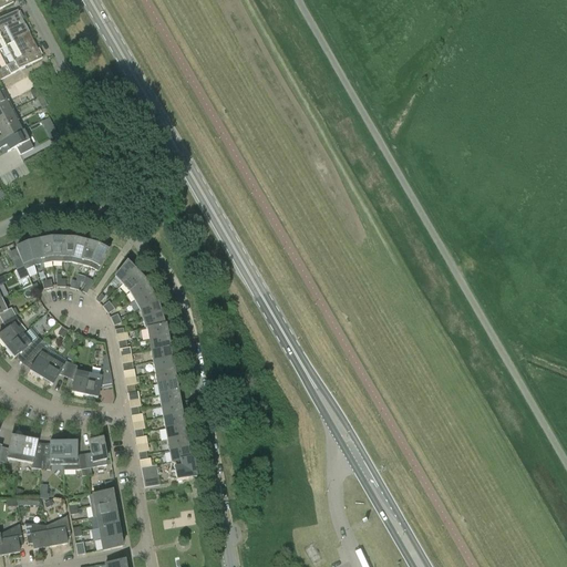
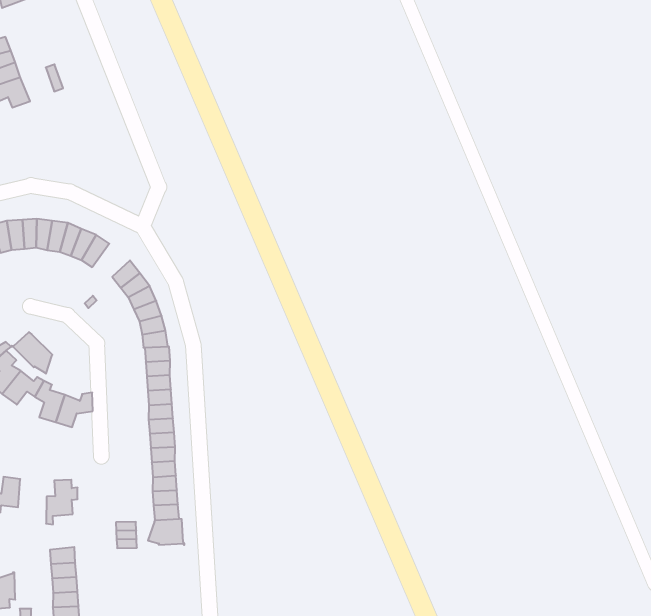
building: none -> [11,332,52,374]
building: [62,440,86,473] -> none

